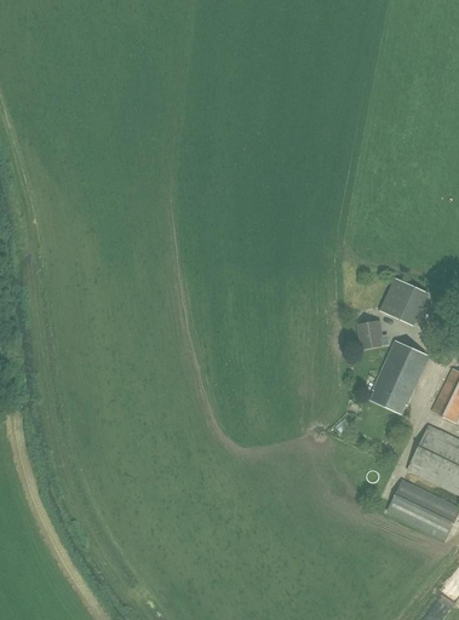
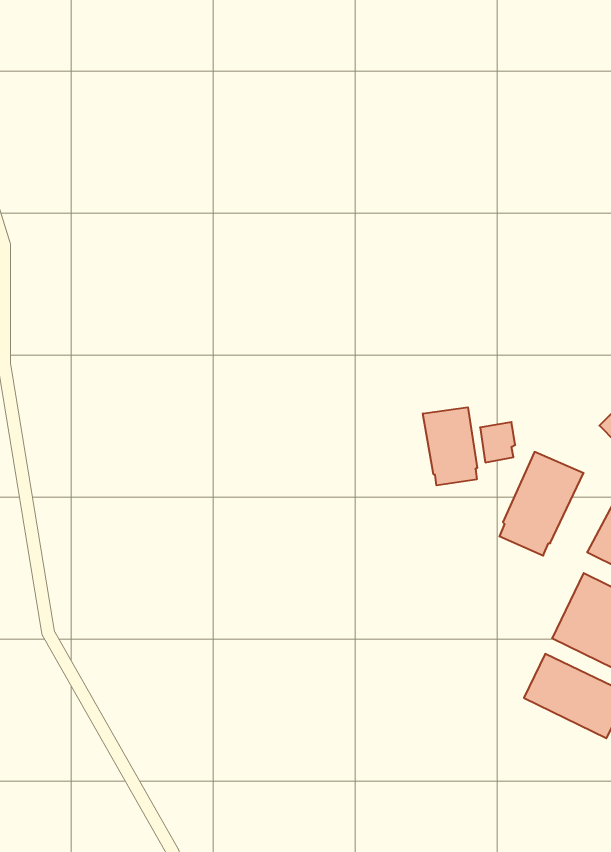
building: [379,276,428,323] -> none
building: none -> [423,407,477,485]

